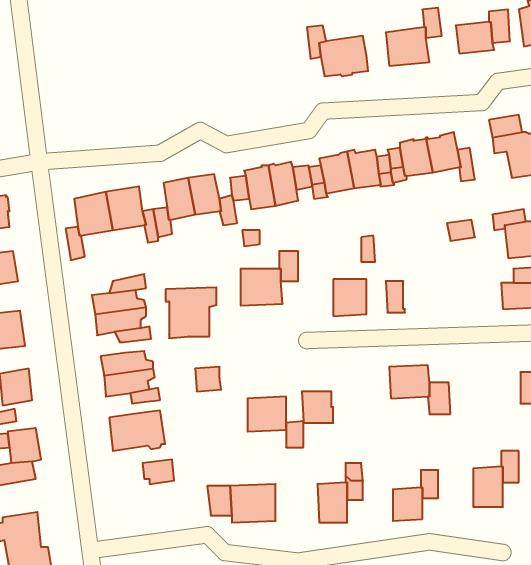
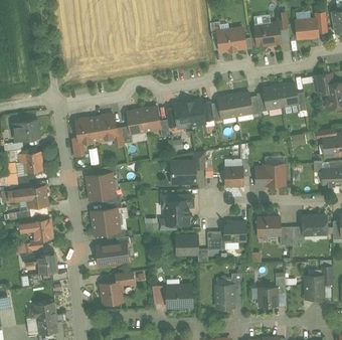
building: none -> [265,164,284,184]
building: [166,287,216,338] -> [162,195,191,224]
building: none -> [302,215,326,234]
building: none -> [223,220,244,241]
building: none -> [100,282,122,304]

